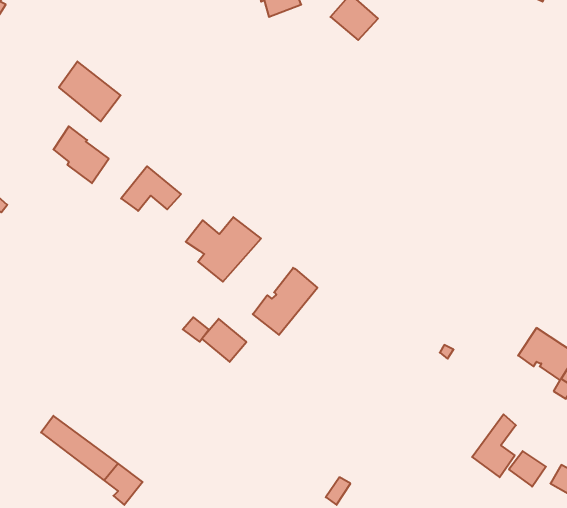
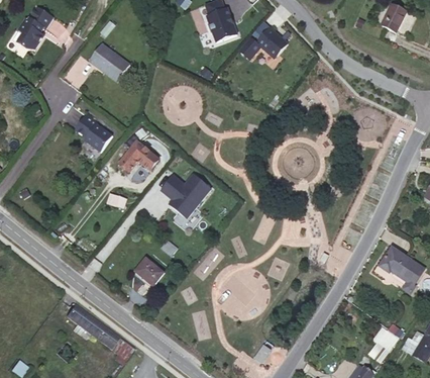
building: [59,61,121,121] -> [89,42,129,82]
building: [253,268,317,335] -> none
building: [202,319,246,362] -> [134,257,164,285]
building: [472,414,516,477] -> none

